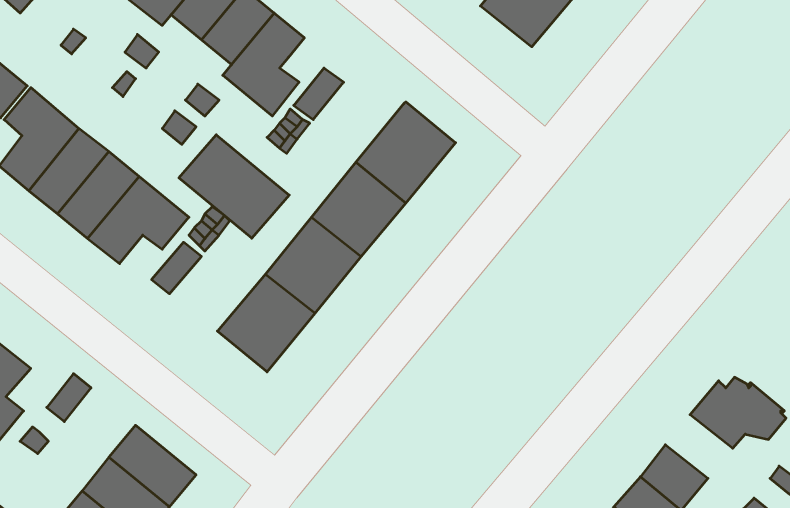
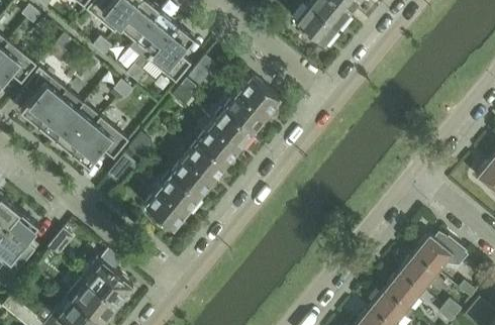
building: [179,135,289,238] -> none
building: none -> [400,252,438,289]

